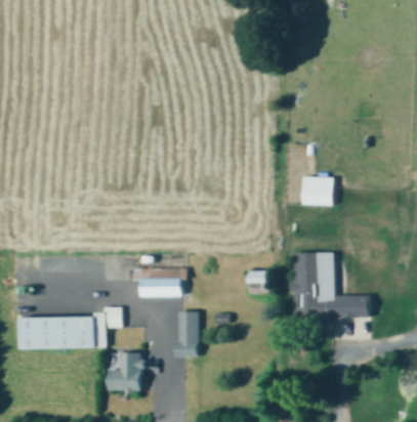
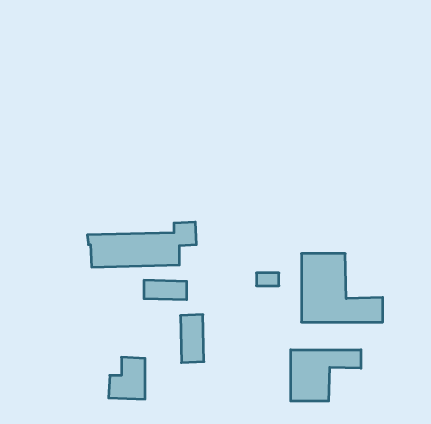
building: [302,176,334,205] -> none
building: [16,305,121,348] -> [87,222,196,267]
building: none -> [291,350,361,401]

